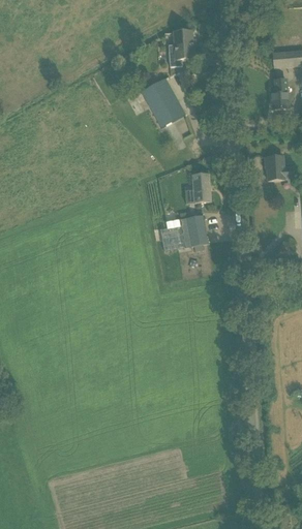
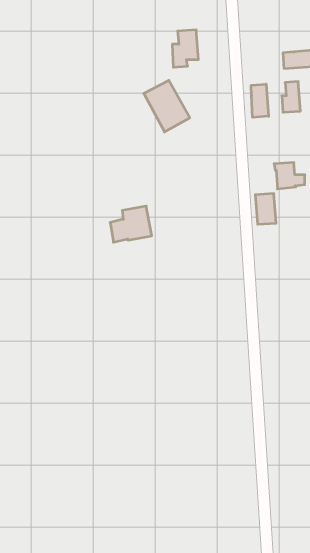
building: none -> [251,84,269,117]
building: [190,173,210,201] -> [255,194,276,224]
building: [168,214,207,248] -> [110,206,152,242]

